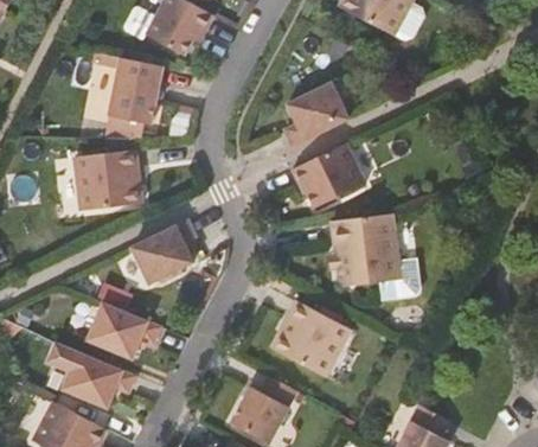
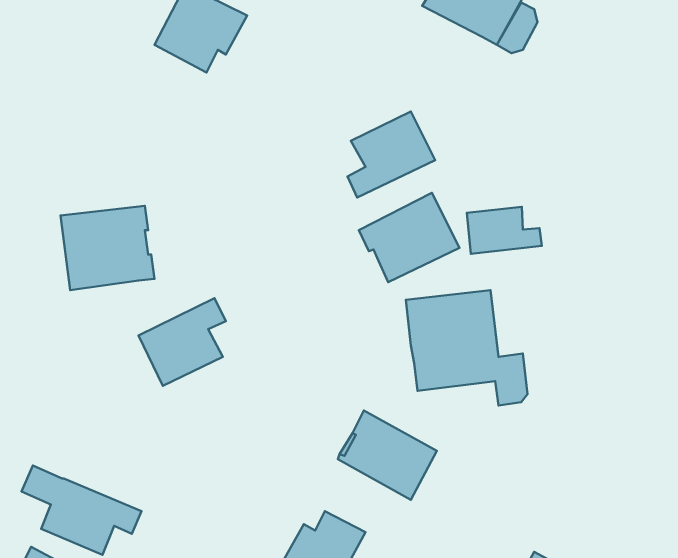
building: [109,58,160,124] -> none
building: none -> [467,207,542,254]
building: [87,302,160,358] -> none

